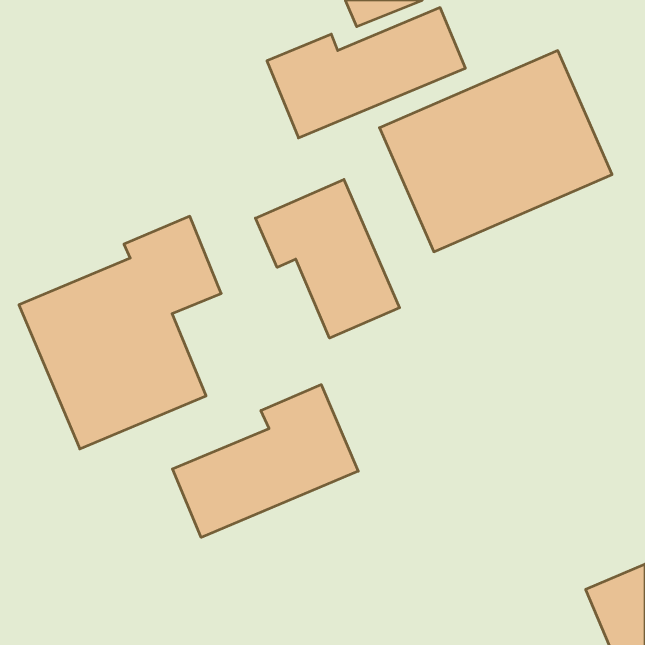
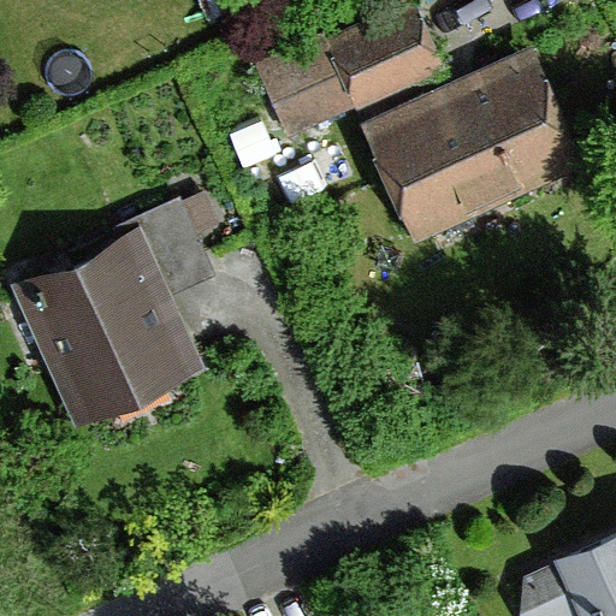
building: [255,179,400,338] -> none
building: [172,385,358,537] -> none

